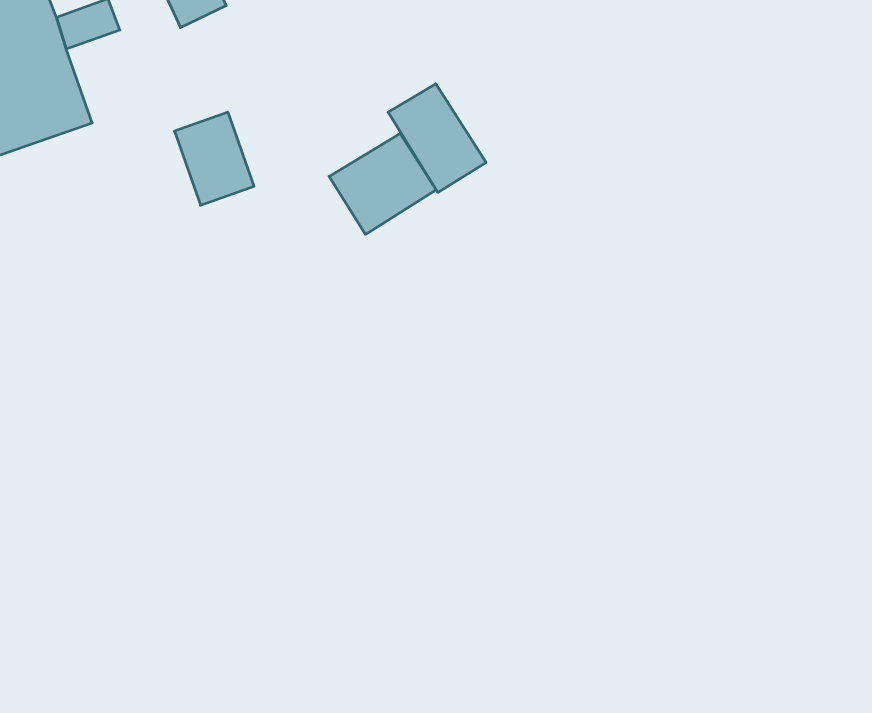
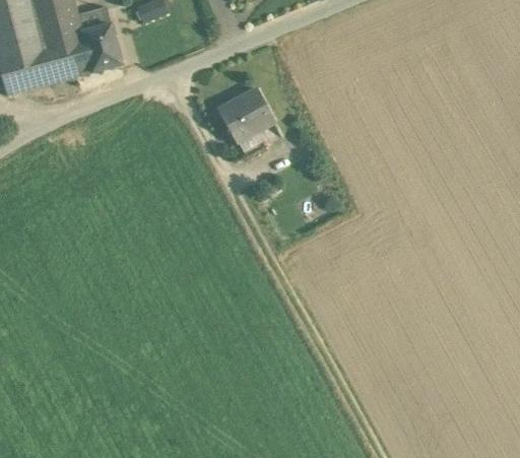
building: [388,84,486,192] -> none
building: [174,112,254,205] -> [81,22,122,71]

